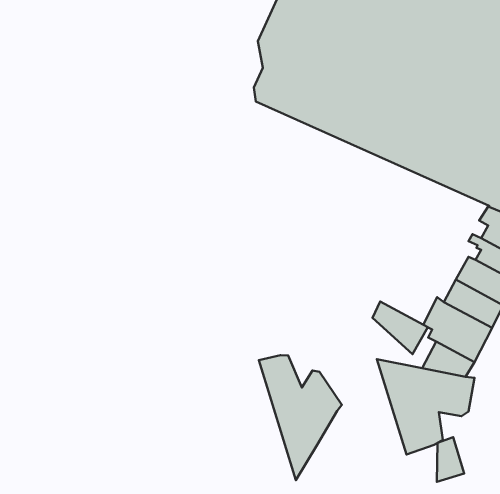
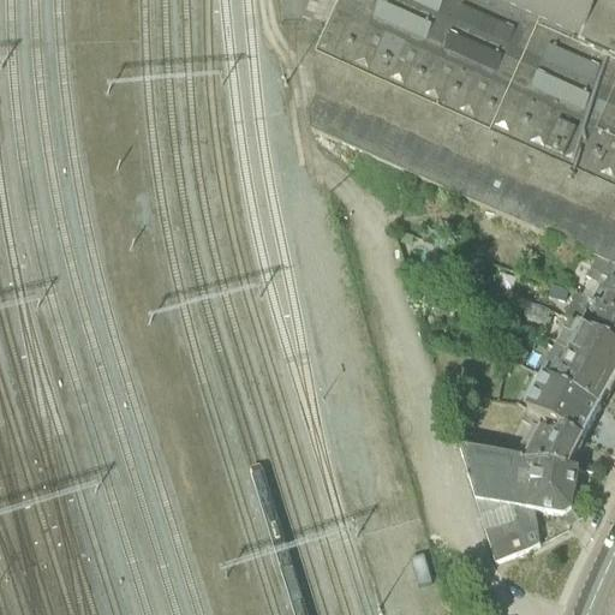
building: [373,302,428,354] -> none
building: [259,355,342,480] -> none
building: [437,437,464,482] -> none

